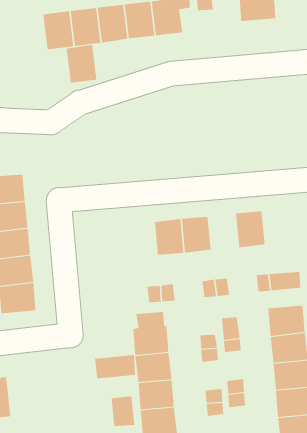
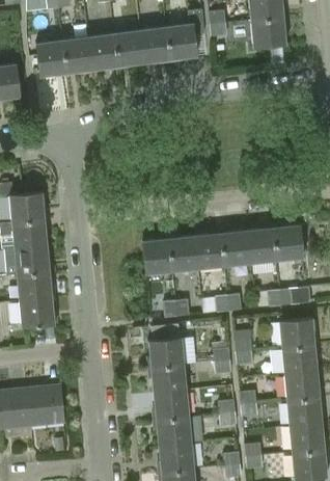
building: [66,44,97,83] -> [36,39,66,77]
building: none -> [273,225,303,261]
building: none -> [221,231,250,266]
building: none -> [143,239,172,274]
building: [94,354,136,379] -> none
building: none -> [28,384,64,426]
building: [111,395,135,427] -> none

